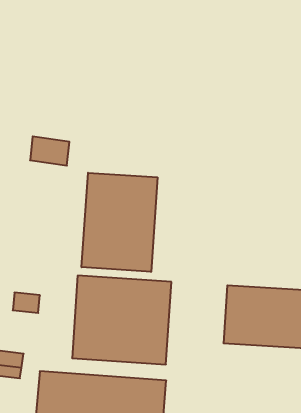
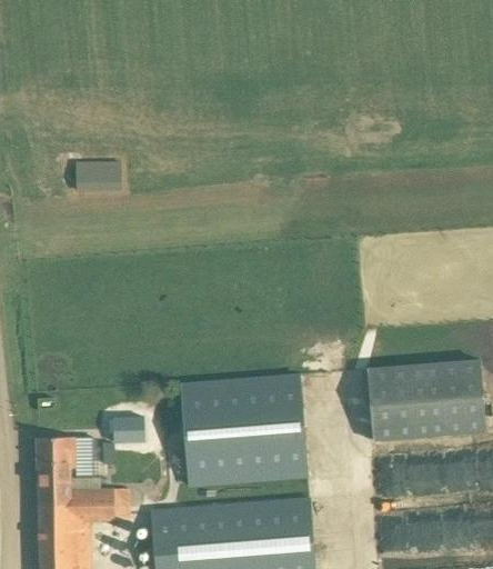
building: [30,136,69,166] -> [74,160,122,190]
building: [82,173,157,272] -> none

